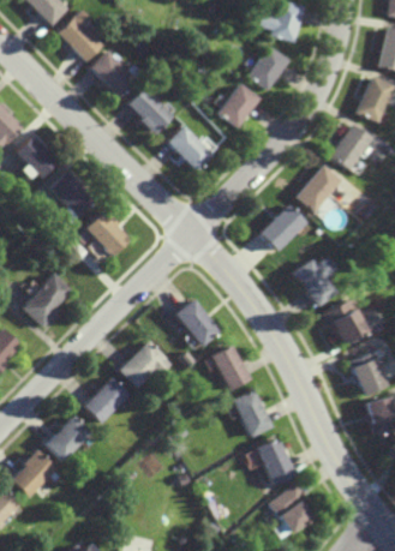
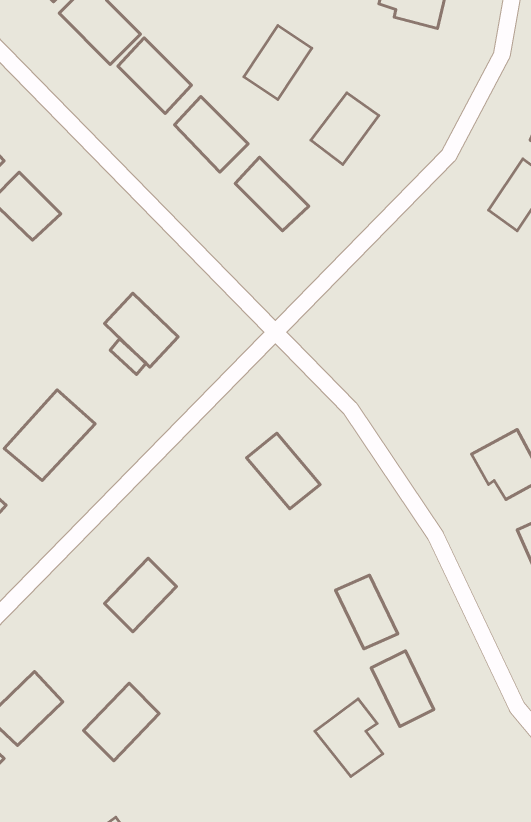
building: [246,46,289,92] -> [244,26,312,99]
building: [293,167,339,215] -> none
building: [50,170,98,218] -> none
building: [257,206,301,248] -> none
building: [289,254,334,305] -> none
building: [119,337,178,389] -> none
building: [210,345,250,390] -> none
building: [47,414,95,463] -> [84,683,159,761]
building: [270,484,313,533] -> [315,699,383,776]

